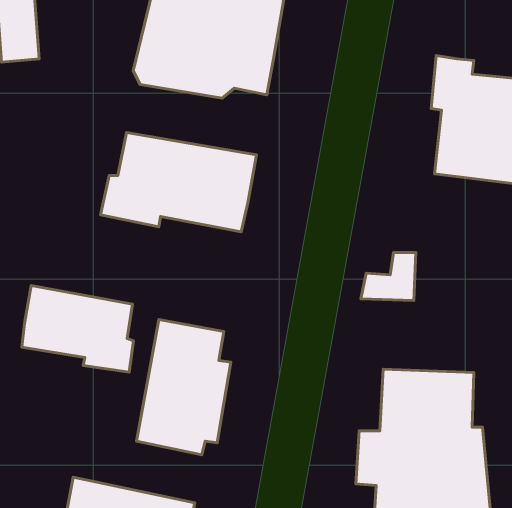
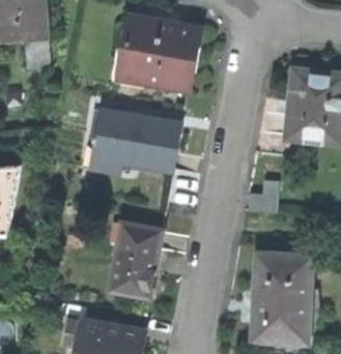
building: [22,286,134,372] -> none

